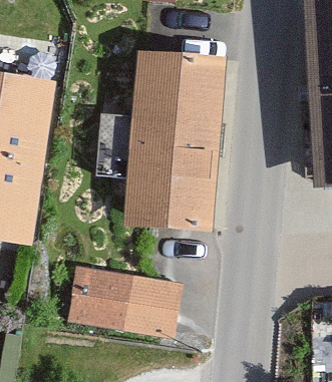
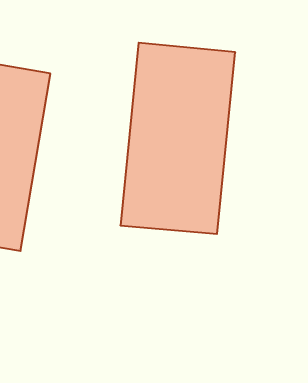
building: [62,266,179,334] -> none

